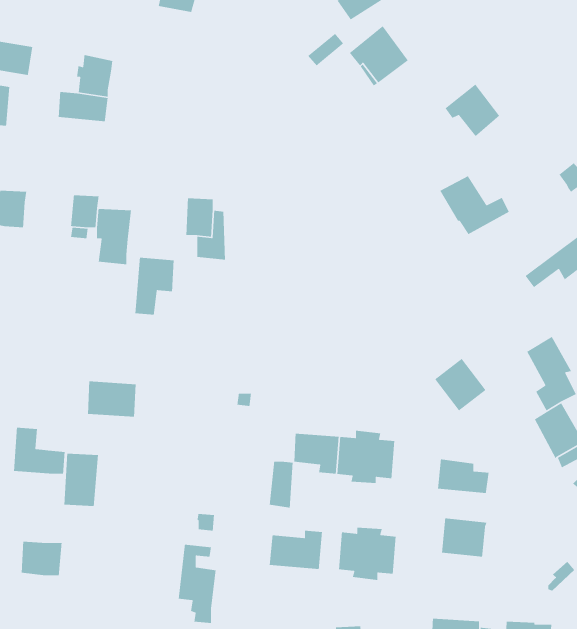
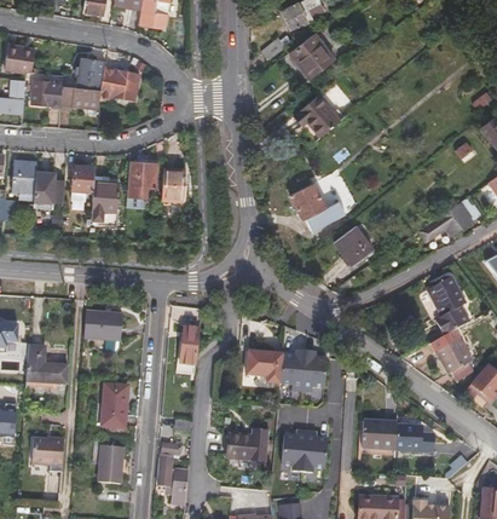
building: none -> [99,69,138,100]
building: [445,83,500,137] -> [297,93,341,135]
building: none -> [30,80,62,108]
building: [439,175,510,235] -> [290,184,346,231]
building: none -> [33,172,64,206]
building: [134,257,174,315] -> [125,162,156,208]
building: [434,358,486,412] -> [330,232,371,275]
building: [64,453,99,507] -> [106,386,134,428]
building: [437,458,490,494] -> [394,427,435,455]
building: [269,461,293,508] -> [175,325,195,363]
building: none -> [99,448,123,484]

